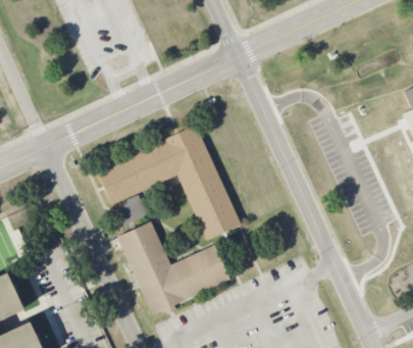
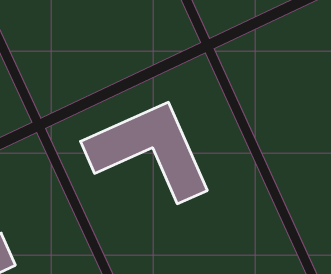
building: [117,221,230,314] -> none

